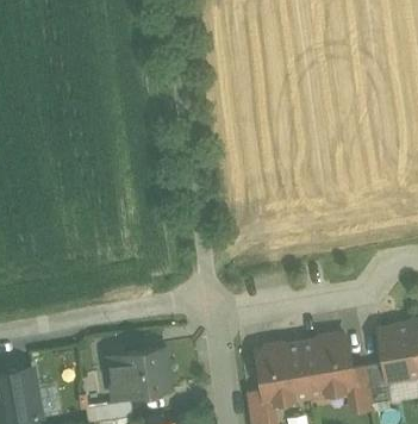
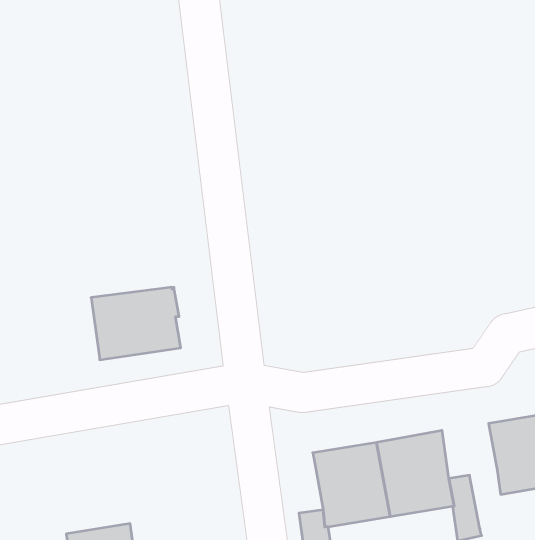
building: [108,349,170,399] -> [91,287,181,360]
building: [364,363,391,404] -> none

